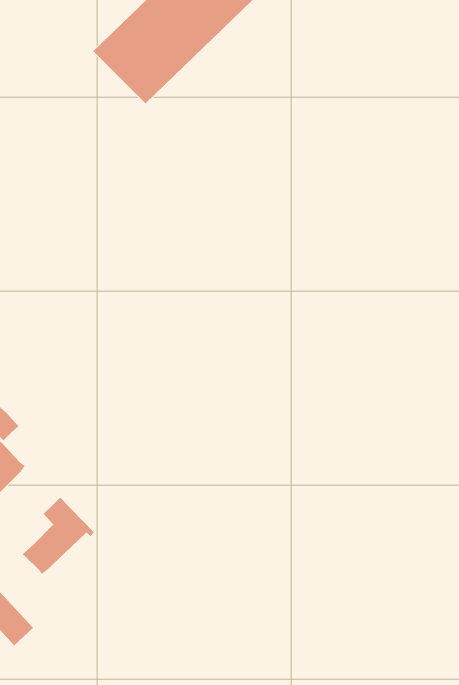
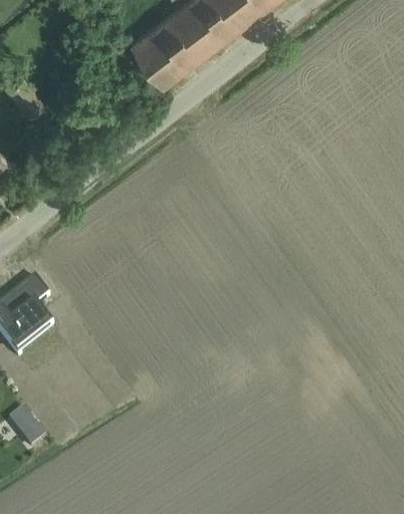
building: [21,497,95,575] -> none

